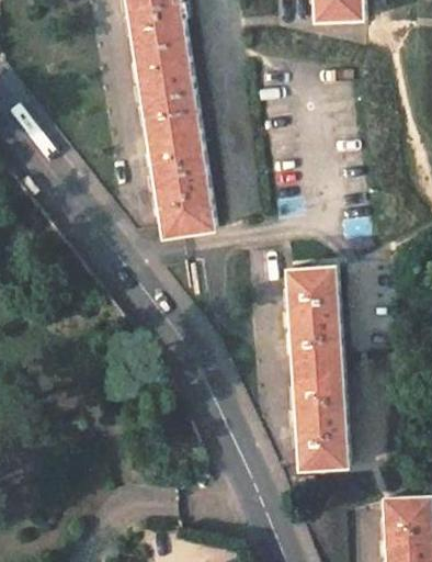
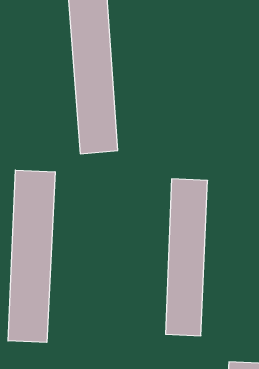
building: none -> [8,170,55,342]

